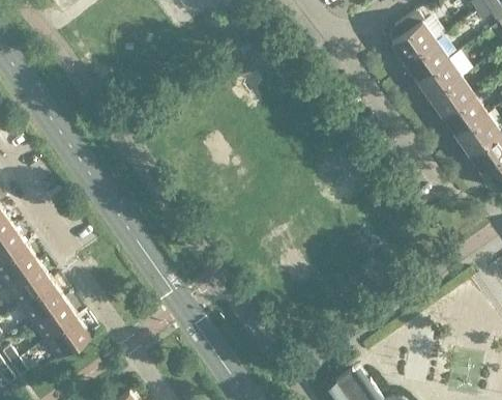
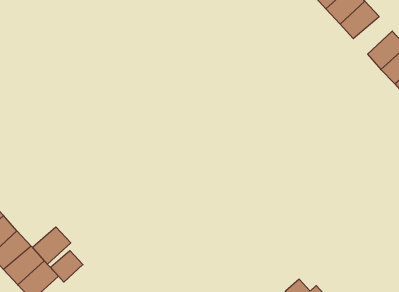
building: [442,94,485,134] -> none
building: none -> [32,227,71,264]
building: none -> [51,251,83,282]

